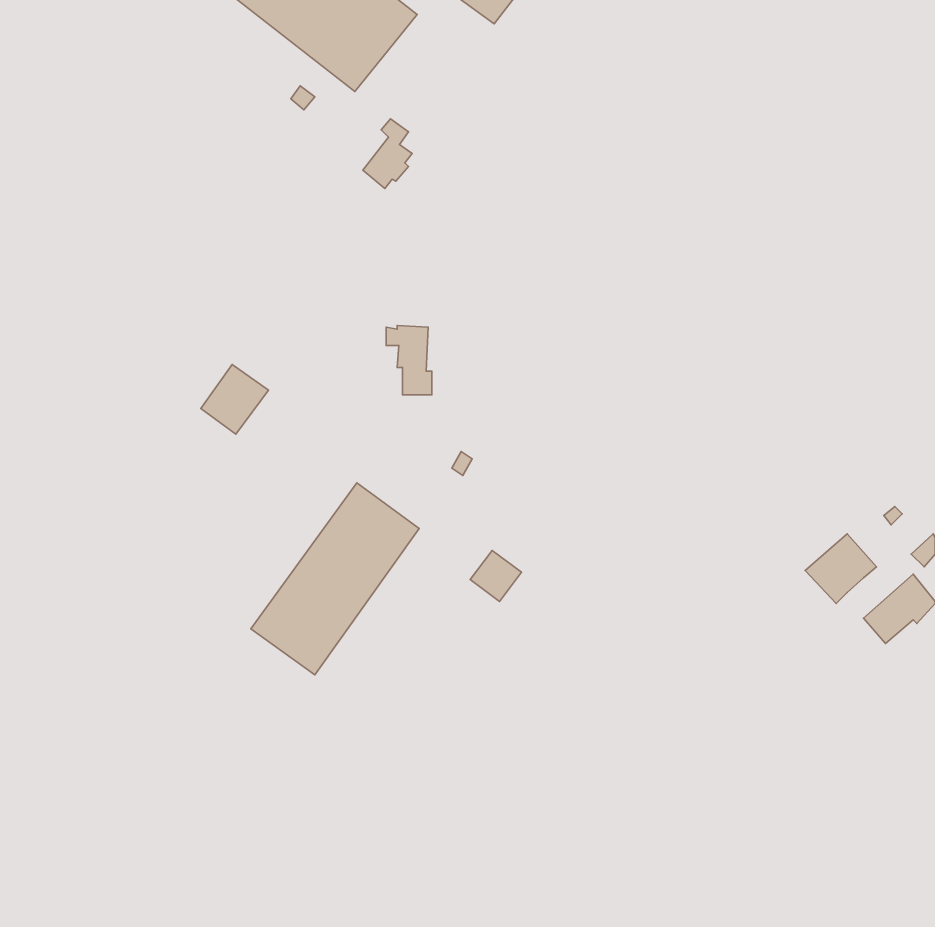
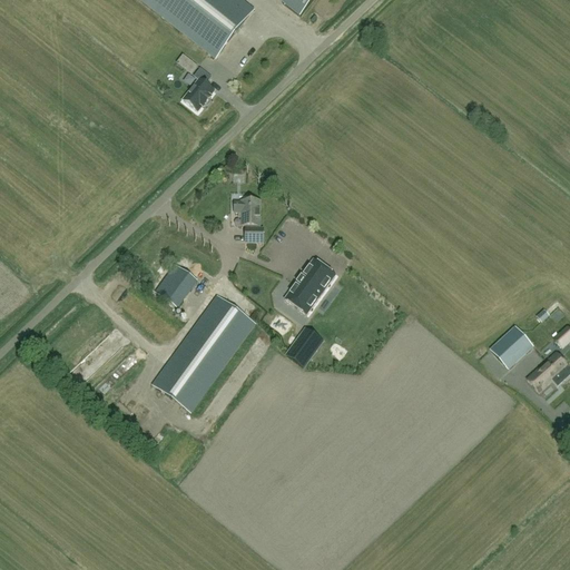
building: [363,119,412,188] -> [184,67,214,109]
building: [201,365,269,434] -> [156,264,197,306]
building: none -> [285,257,335,313]

